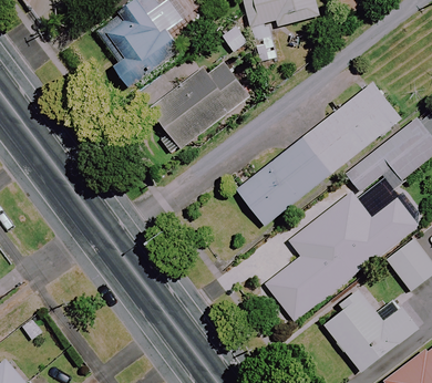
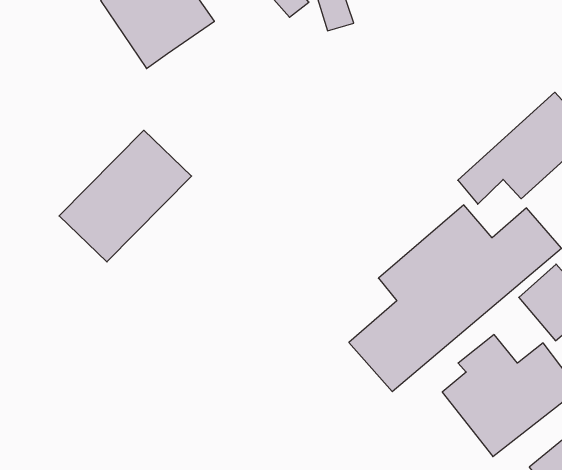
building: [148,54,244,146] -> [59,130,192,262]
building: [237,81,400,226] -> none

